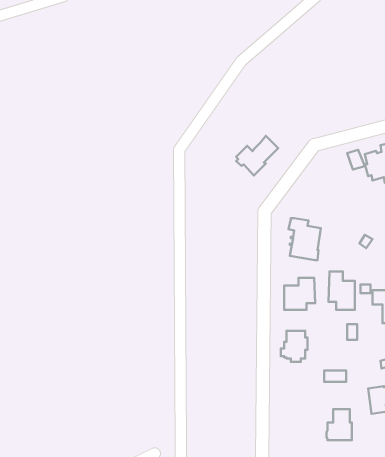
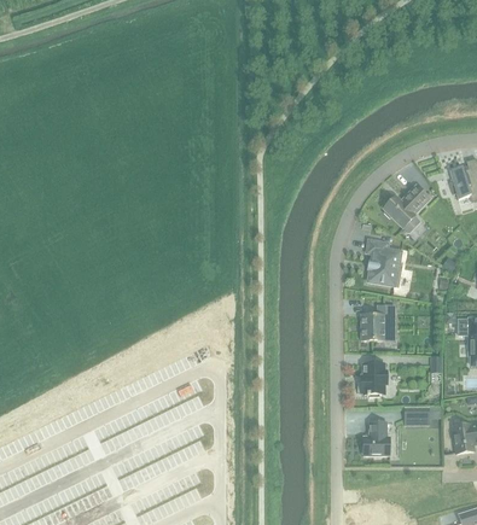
building: [236,136,278,176] -> [383,183,429,227]
building: [329,272,355,310] -> none
building: [327,409,352,440] -> [361,420,389,454]

